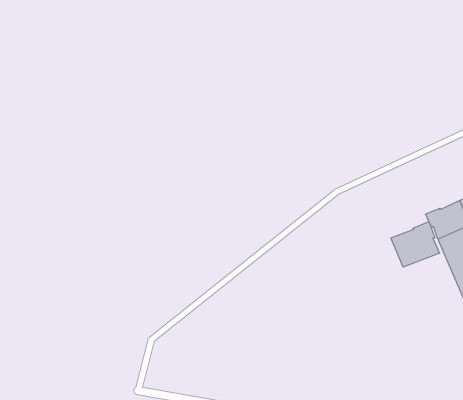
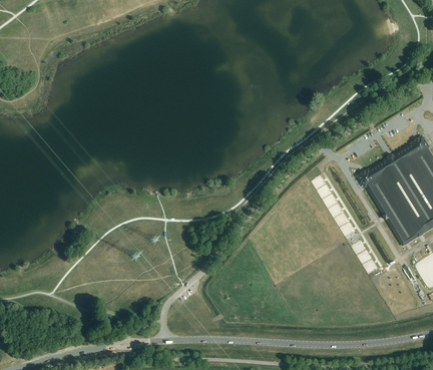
building: [391,222,440,267] -> none

